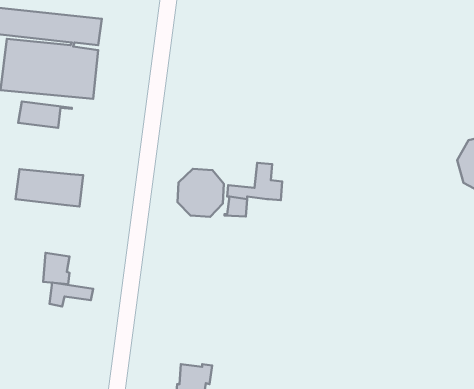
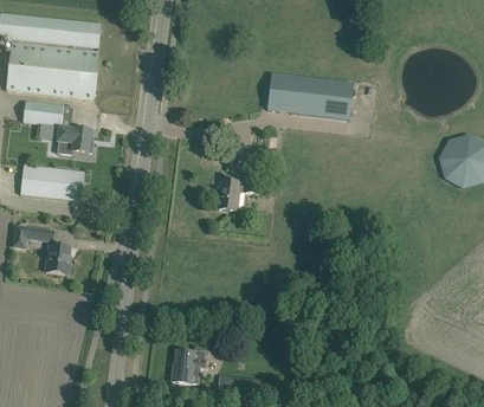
building: none -> [267,73,354,118]
building: none -> [58,127,92,154]
building: [178,169,224,217] -> none
building: [50,283,93,306] -> [13,225,54,247]

